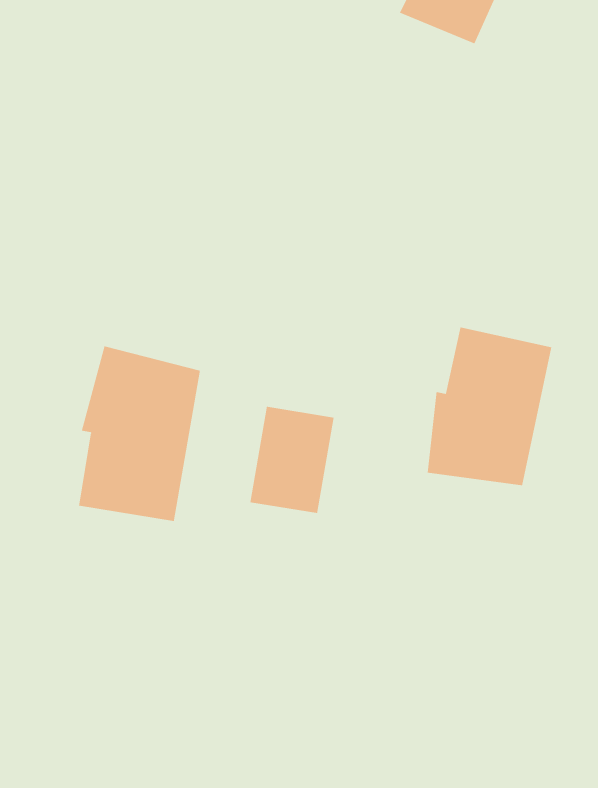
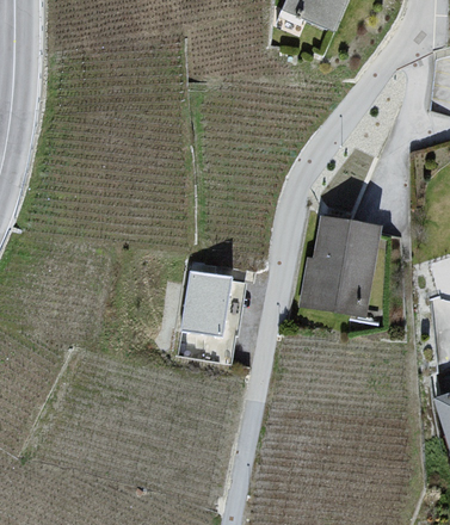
building: [79,345,200,522] -> none

